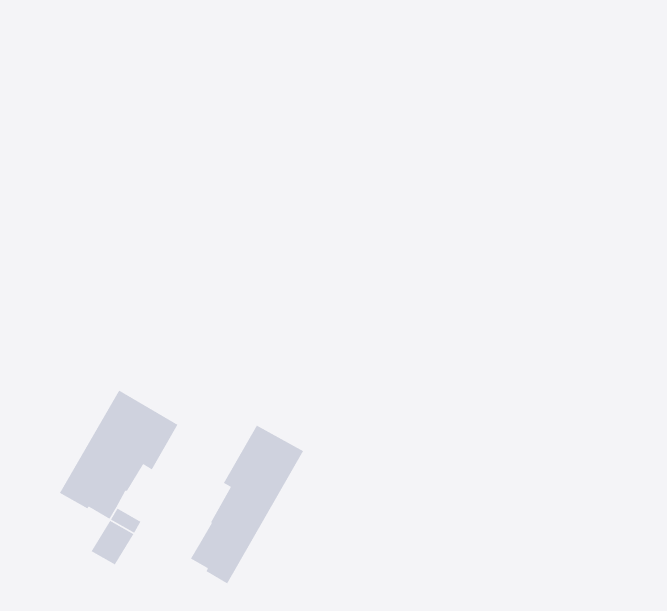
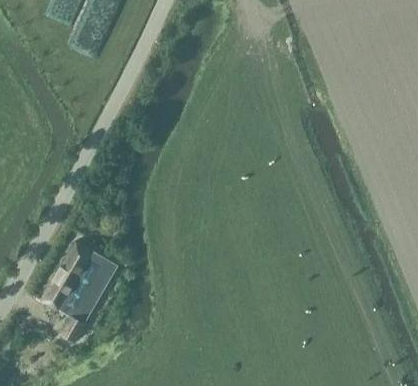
building: [190,424,304,584] -> none

